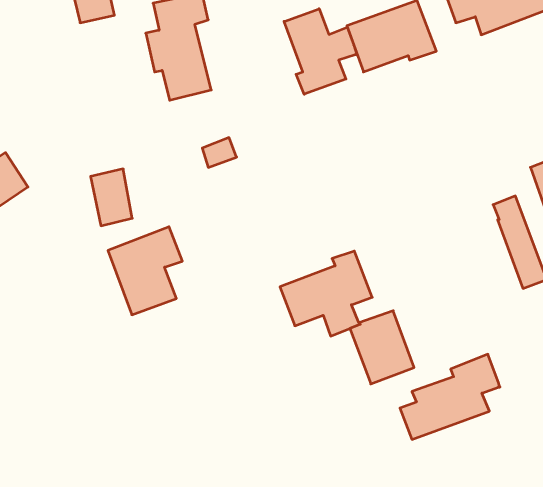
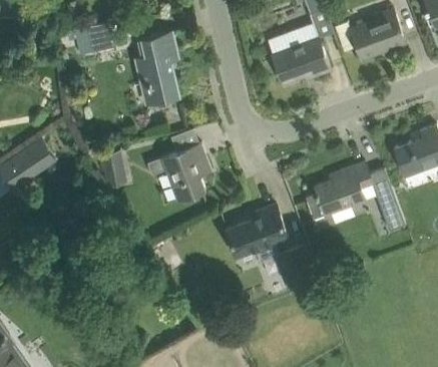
building: [284,9,357,94] -> none
building: [108,227,182,315] -> [159,142,209,202]
building: [400,354,500,439] -> [306,161,373,219]

